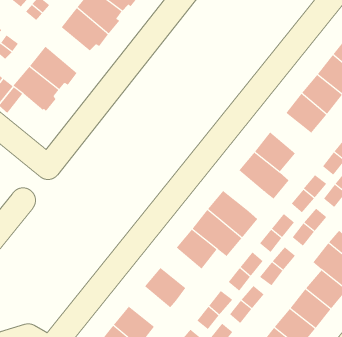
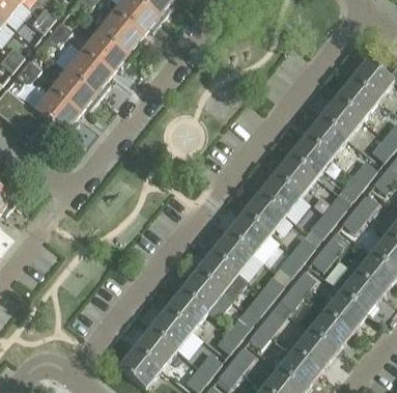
building: none -> [55,43,111,97]
building: none -> [289,137,331,177]
building: none -> [243,194,284,234]
building: none -> [180,271,231,318]
building: none -> [149,309,191,349]

